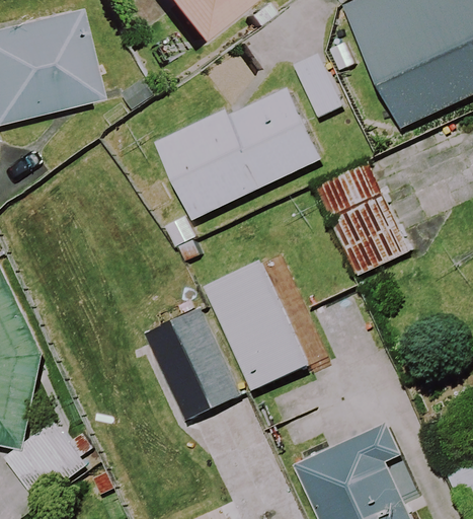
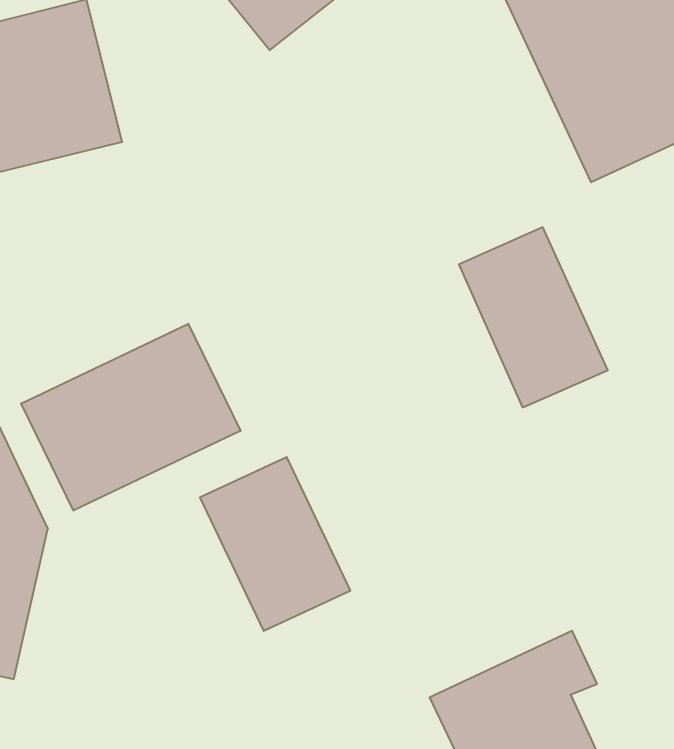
building: [155,87,322,220] -> none
building: none -> [21,324,241,511]
building: [205,261,308,392] -> none

